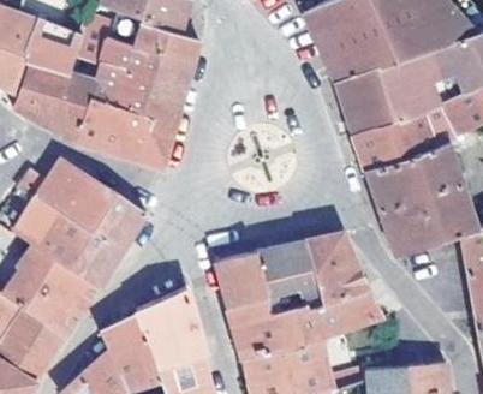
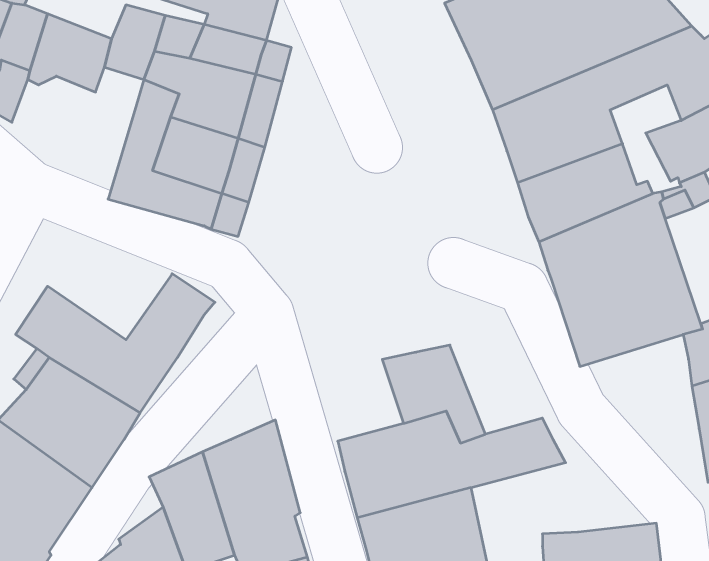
building: [11,60,94,143] -> none
building: [17,157,118,238] -> none
building: [305,234,368,302] -> none
building: [213,251,274,306] -> none

